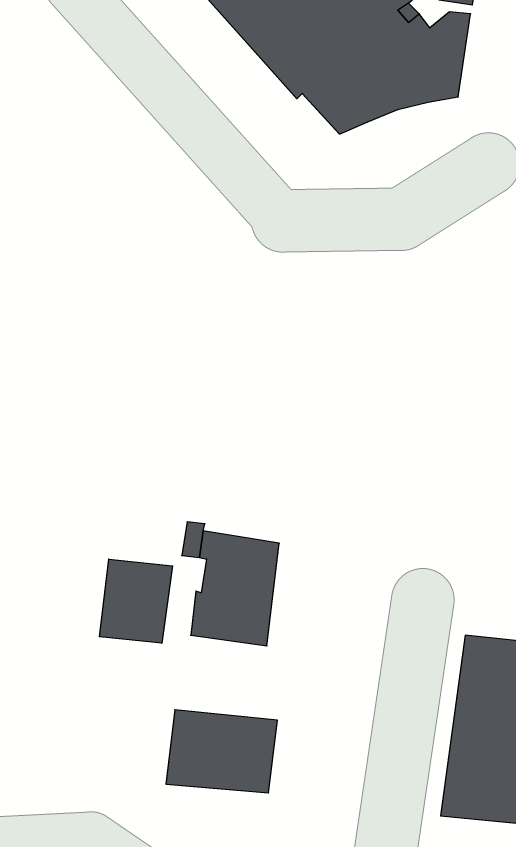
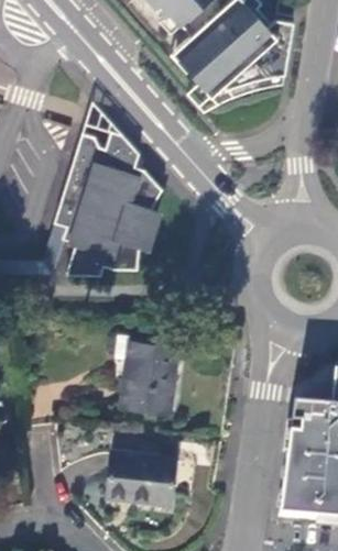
building: none -> [57,124,163,273]
building: [99,559,173,643] -> none

